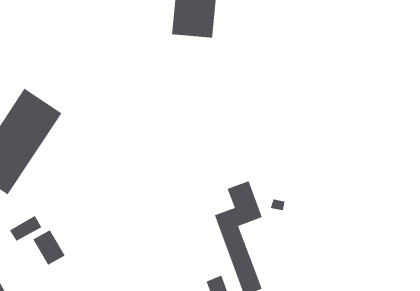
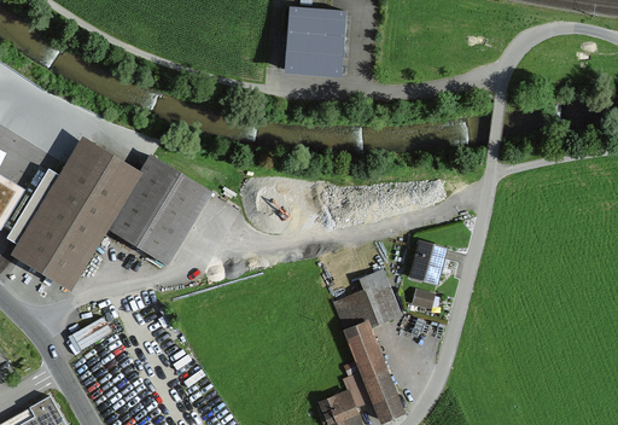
building: none -> [99,153,210,272]
building: none -> [409,243,444,285]
building: [32,229,66,266] -> none

